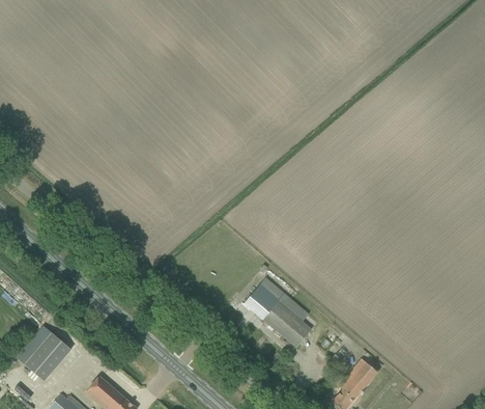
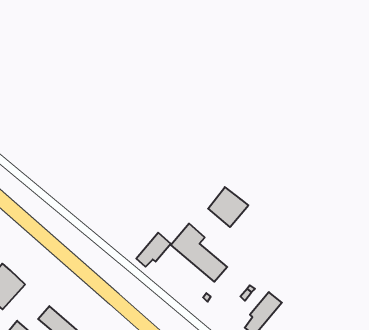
building: none -> [208,187,248,227]
building: none -> [136,233,171,267]

